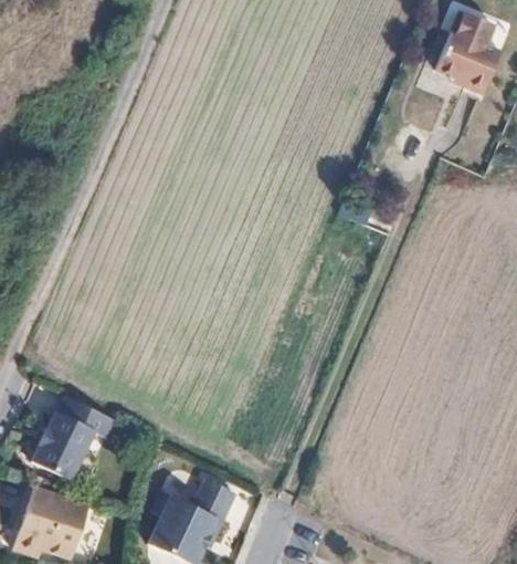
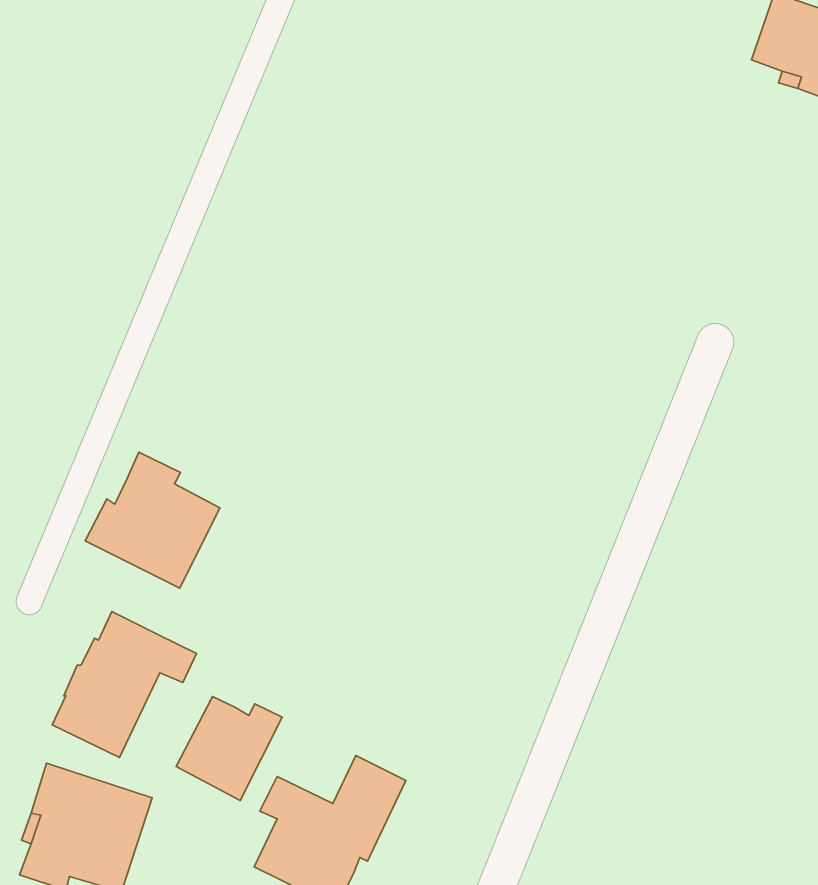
building: none -> [85,452,220,588]
building: none -> [176,696,282,801]

